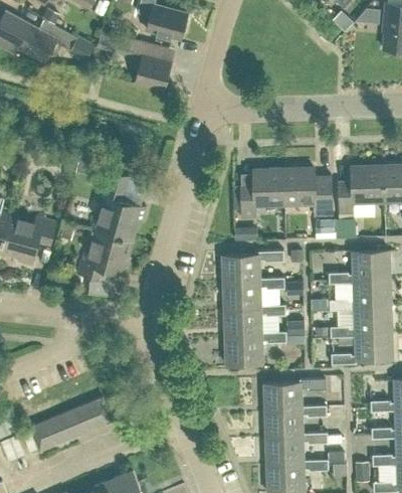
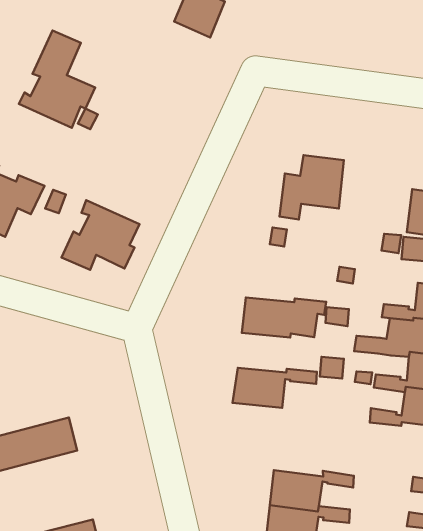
building: [281,169,333,217] -> none
building: [90,170,147,241] -> [19,31,95,128]
building: [222,252,283,285] -> none
building: [224,306,285,339] -> none
building: [263,380,326,413] -> none

